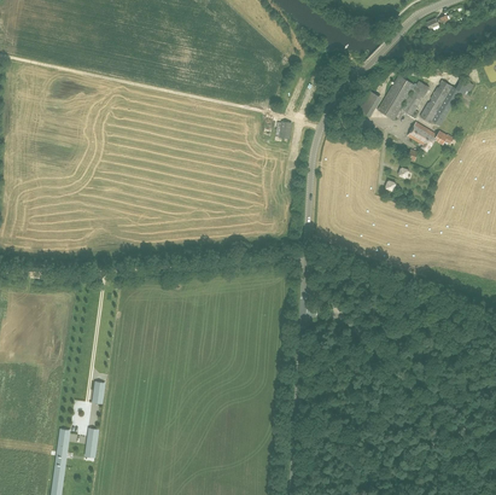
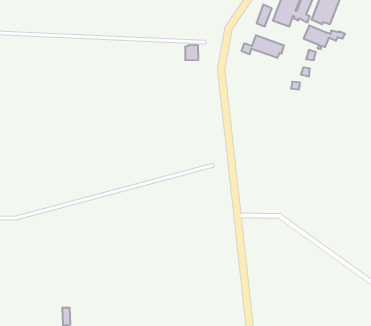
building: none -> [241,35,284,58]

